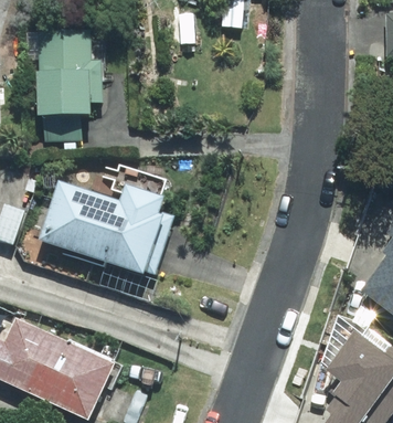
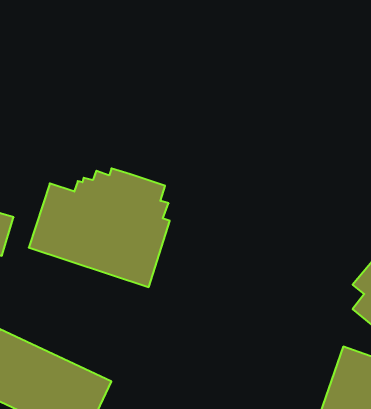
building: [43,29,104,116] -> none

